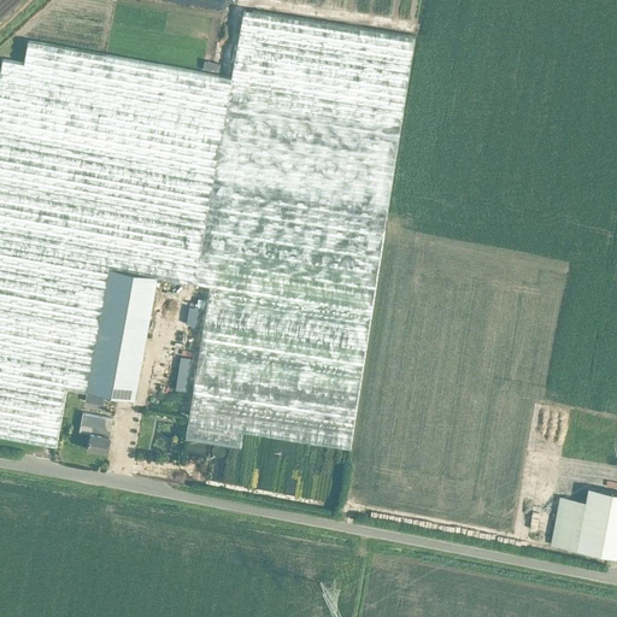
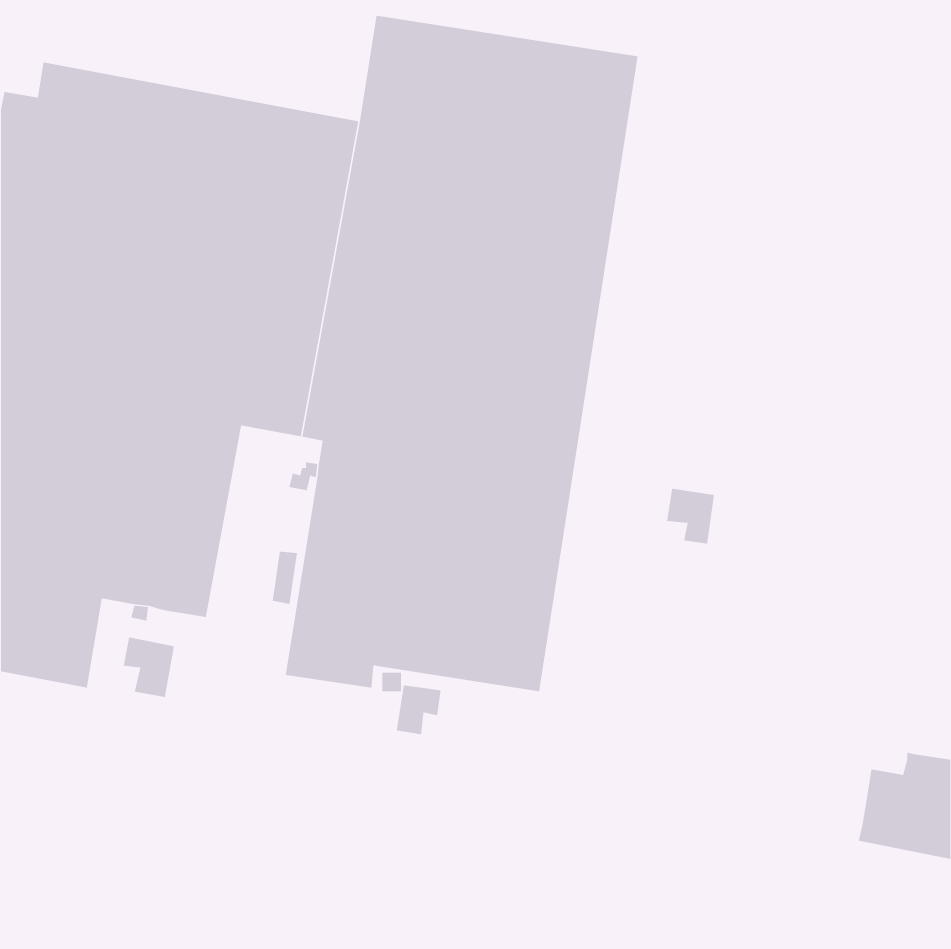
building: none -> [666,488,715,545]
building: none -> [396,685,442,735]

